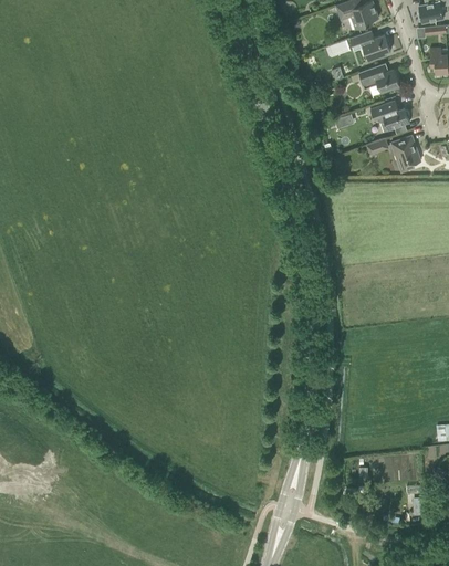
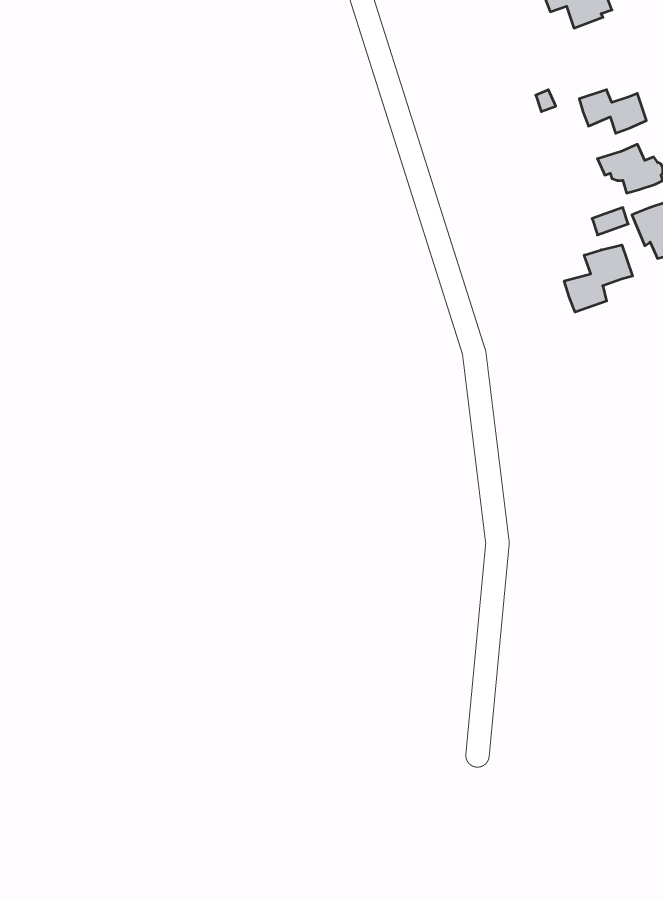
building: [348,30,390,61] -> none
building: none -> [564,245,633,312]

